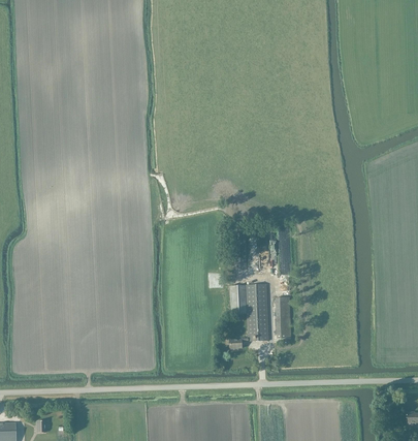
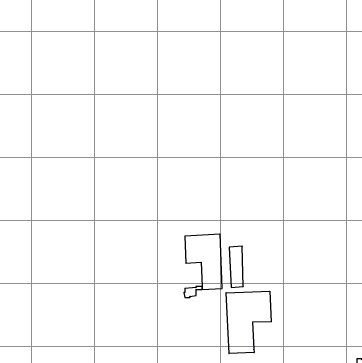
building: none -> [226,291,271,354]

